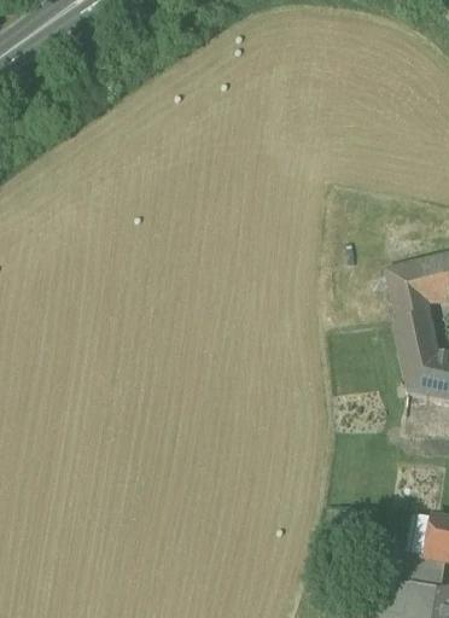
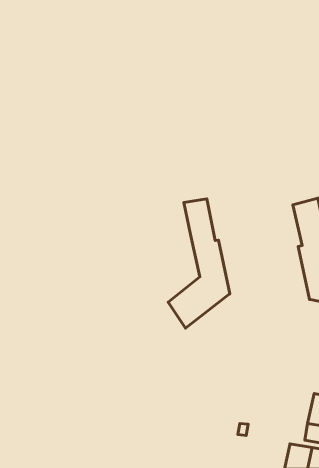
building: none -> [168,199,230,328]

